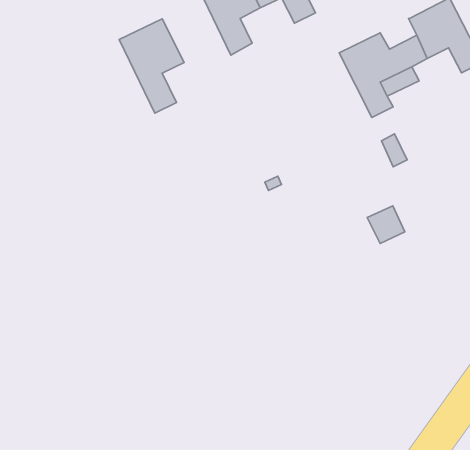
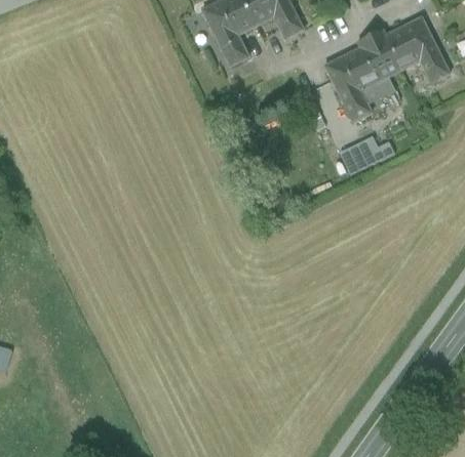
building: none -> [357,29,392,61]
building: [119,19,184,113] -> none
building: [367,206,405,244] -> [339,141,372,174]

